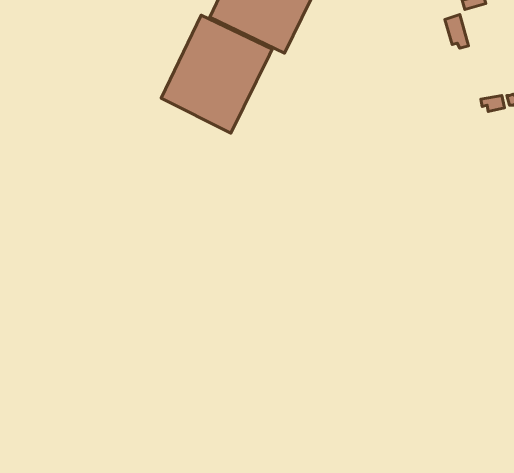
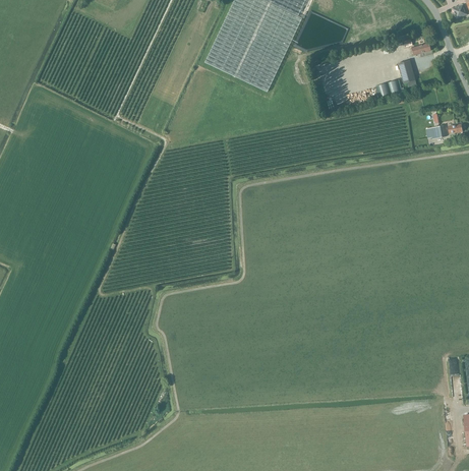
building: [161,15,272,133] -> none

